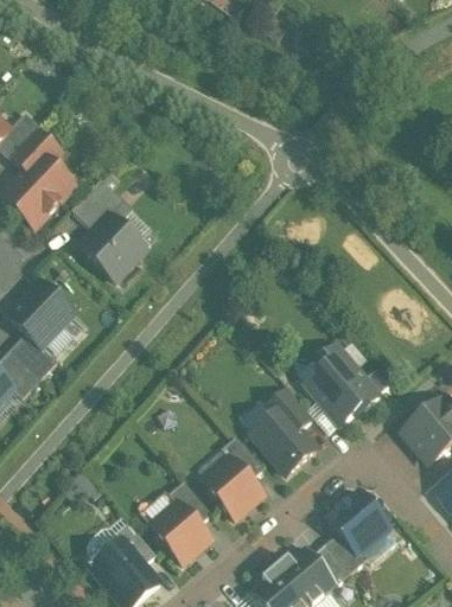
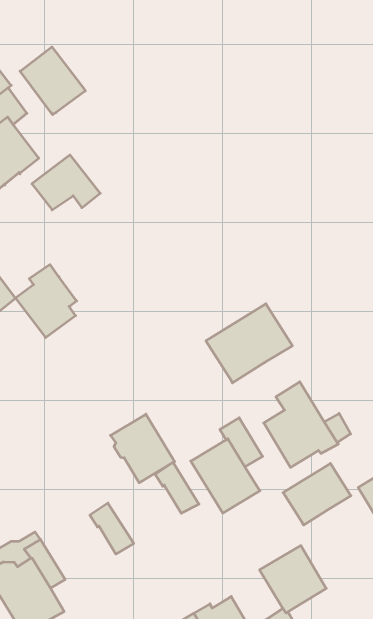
building: none -> [20,47,85,115]
building: [84,215,140,280] -> [15,265,77,338]
building: none -> [206,304,292,383]
building: none -> [283,463,351,525]
building: [203,458,263,519] -> [110,414,175,483]
building: [151,503,211,563] -> none

